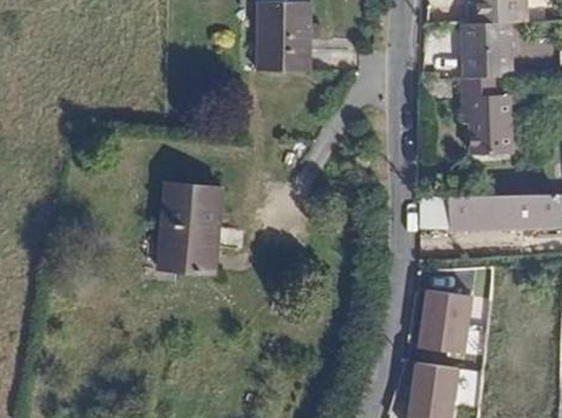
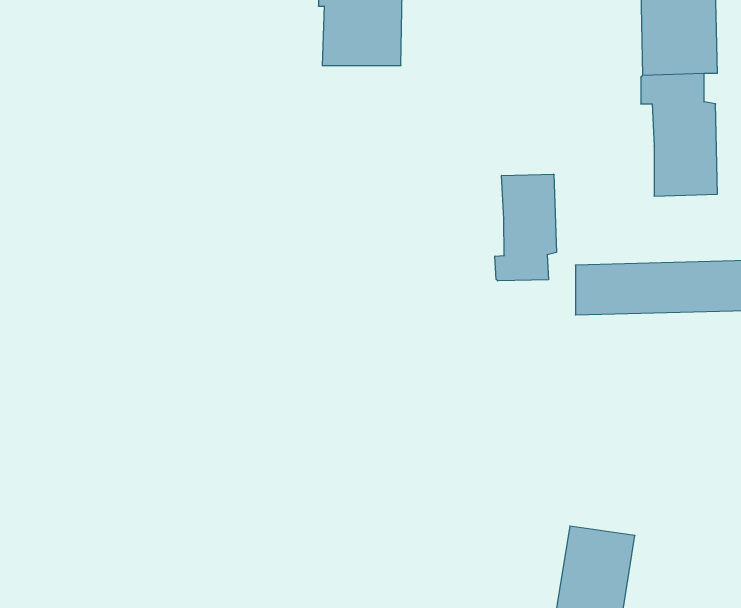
building: none -> [495,174,556,281]
building: [158,183,221,275] -> none
building: [419,290,471,353] -> none

